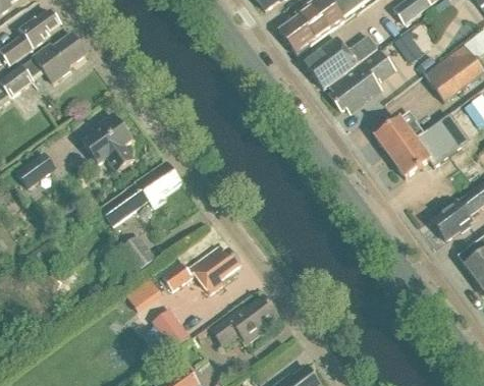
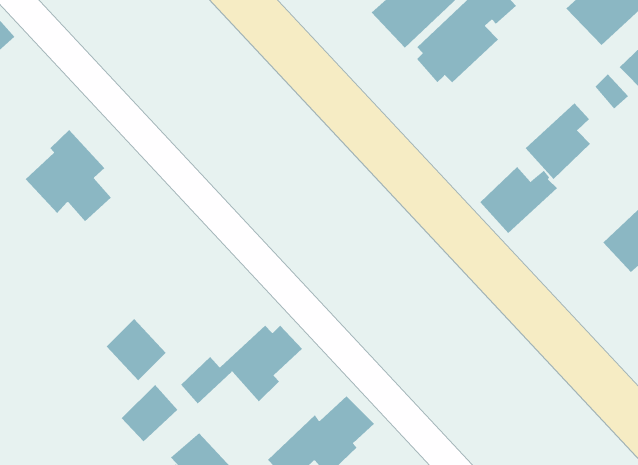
building: [375,116,424,157] -> [480,166,558,234]
building: [102,161,182,224] -> none

